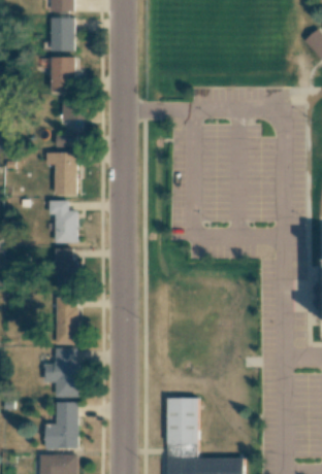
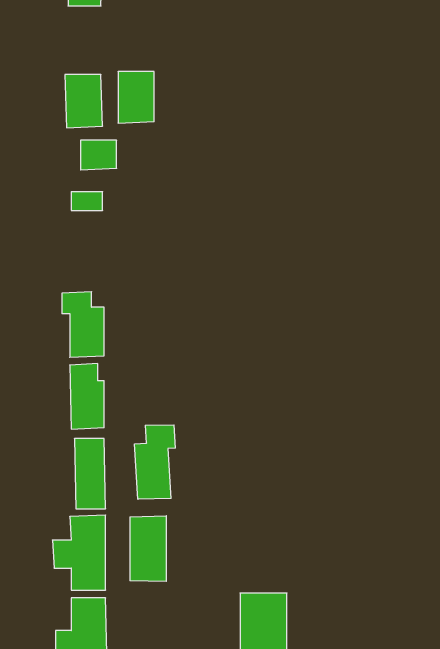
building: [51,18,74,52] -> [118,72,154,123]
building: [43,151,75,195] -> none
building: none -> [135,425,175,499]
building: none -> [130,516,166,581]

